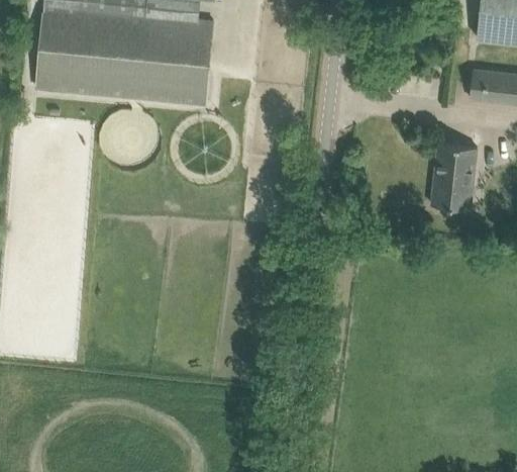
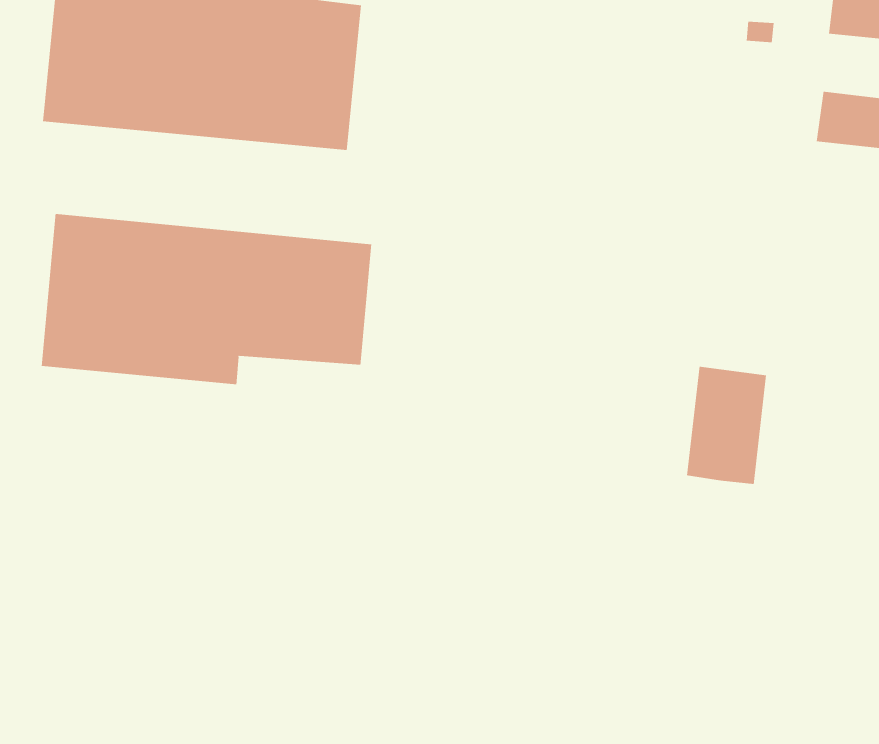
building: none -> [41,213,372,385]
building: [432,143,478,209] -> [686,366,767,484]

